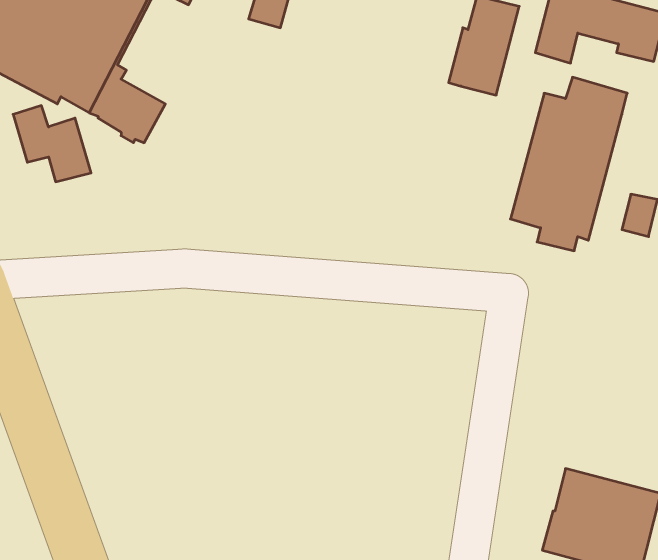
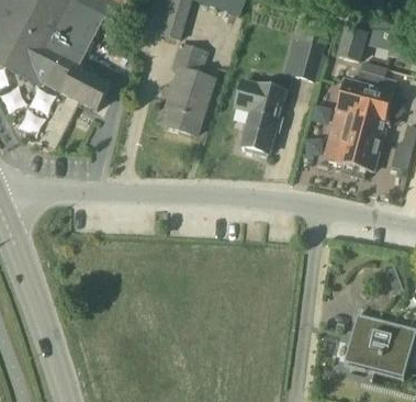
building: none -> [164,43,214,135]
building: none -> [235,80,285,154]

